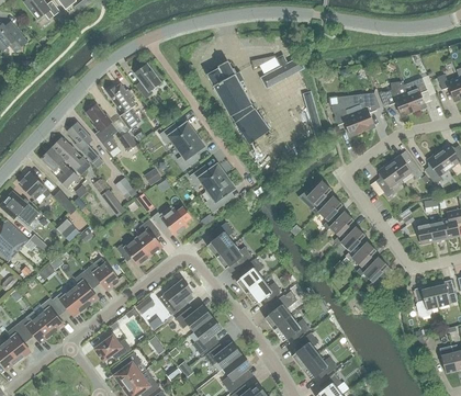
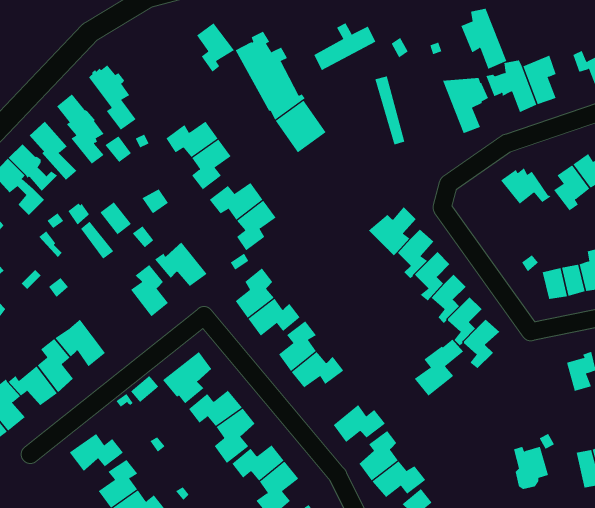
building: [135,64,161,98] -> [196,23,235,73]
building: [331,94,363,136] -> [460,8,507,69]
building: [376,162,402,196] -> none
building: [117,237,150,264] -> none
building: [415,286,439,316] -> [513,446,549,490]
building: [265,290,299,329] -> [414,339,464,397]

